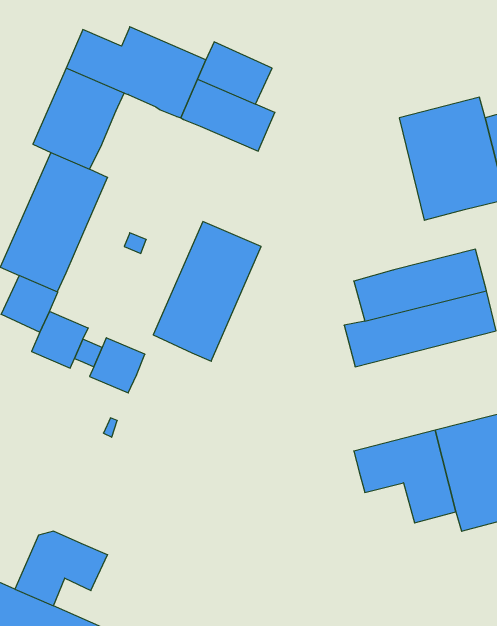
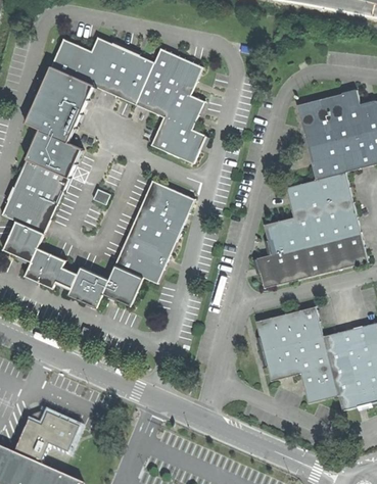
building: none -> [150,116,205,163]
building: none -> [285,172,352,216]
building: none -> [102,264,143,306]
building: none -> [255,306,323,350]

